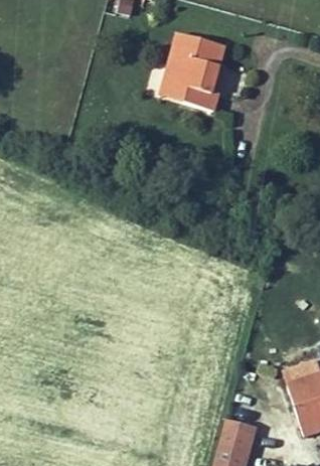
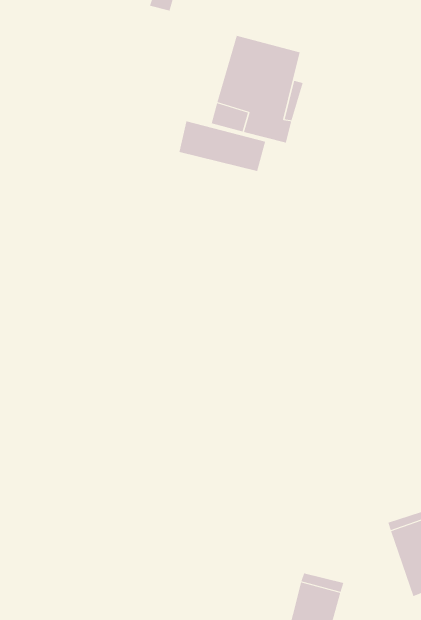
building: none -> [179,120,266,172]

